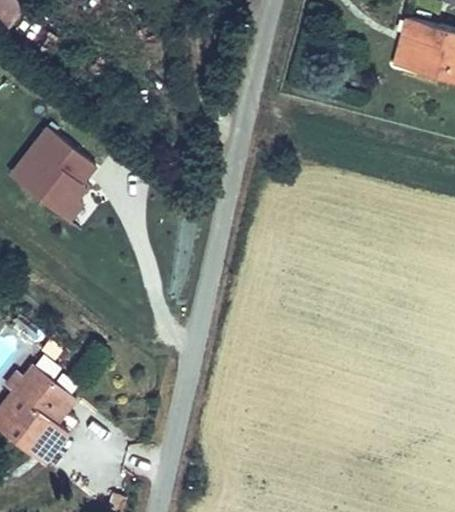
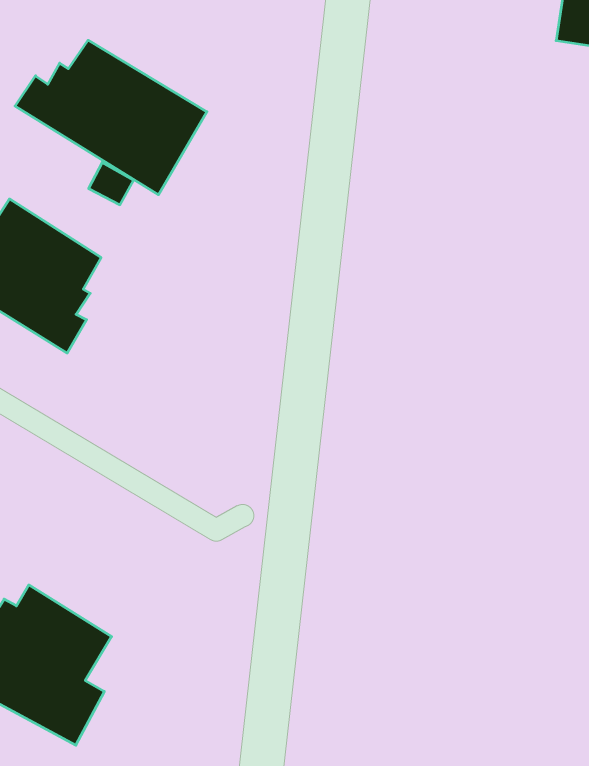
building: none -> [15,40,207,195]

